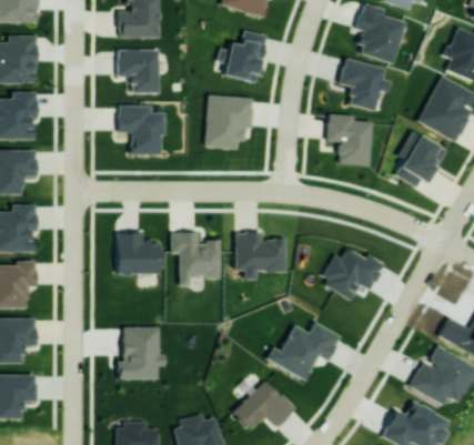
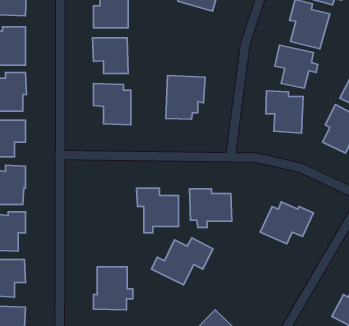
building: [223,30,266,81] -> none
building: [115,231,163,273] -> none
building: [265,322,340,378] -> [152,238,213,285]

